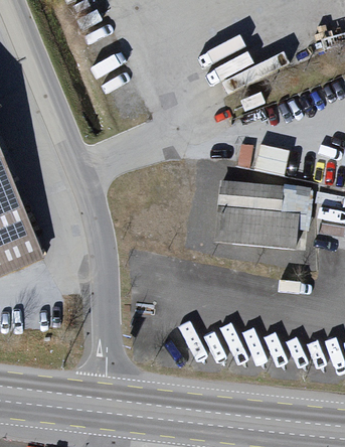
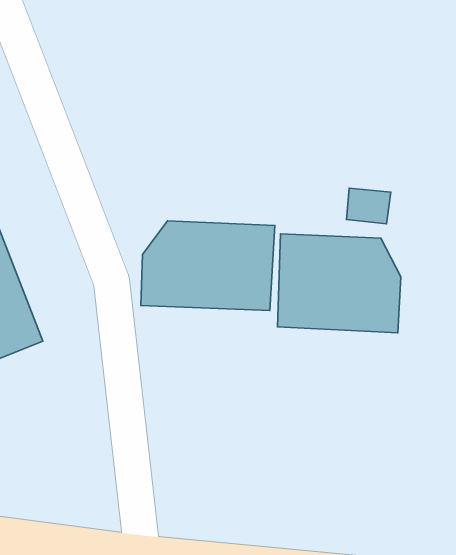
building: none -> [141,221,275,310]

